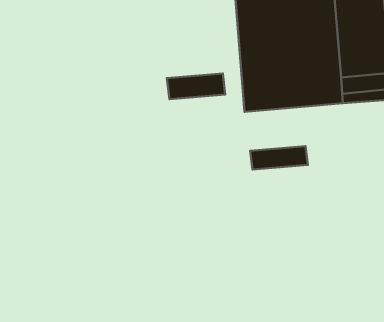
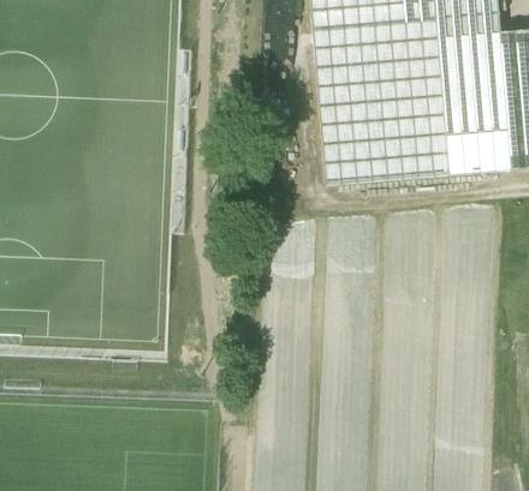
building: [167,74,225,99] -> none
building: [250,146,308,170] -> none

